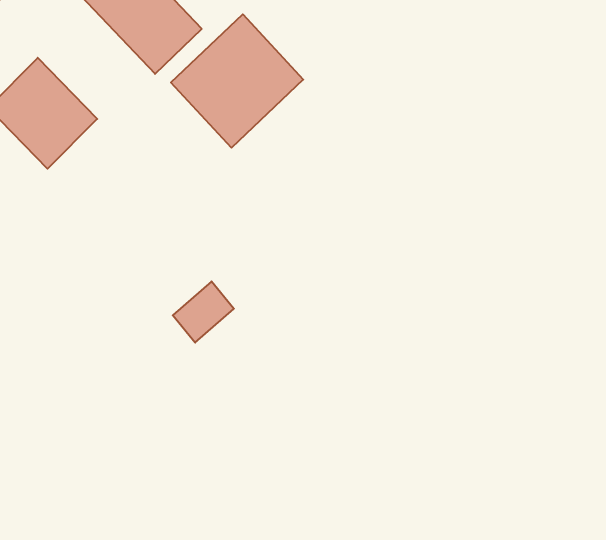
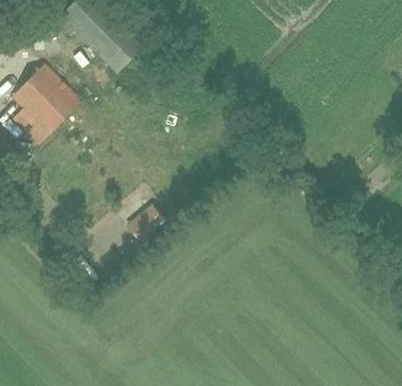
building: [171,14,303,148] -> none

